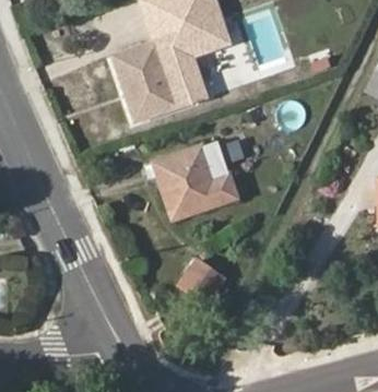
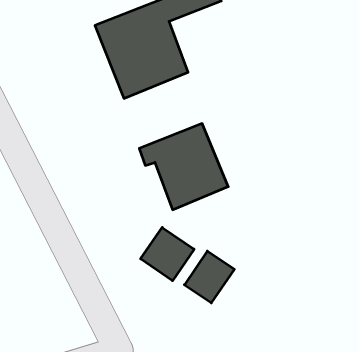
building: none -> [141,227,194,281]

